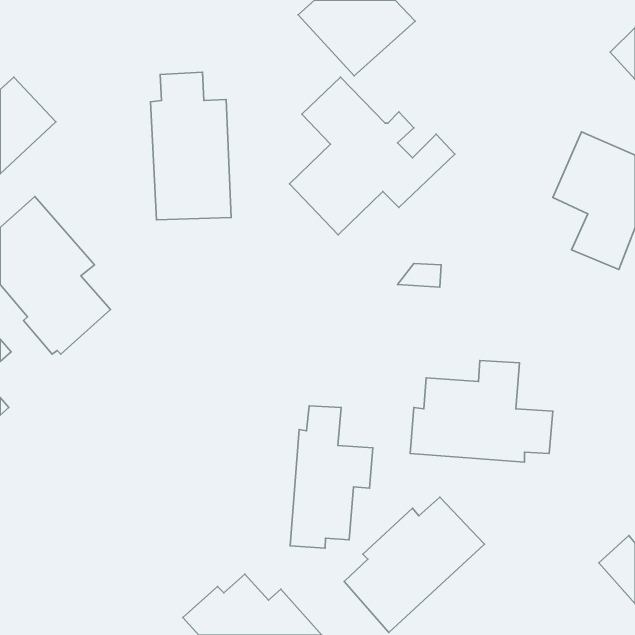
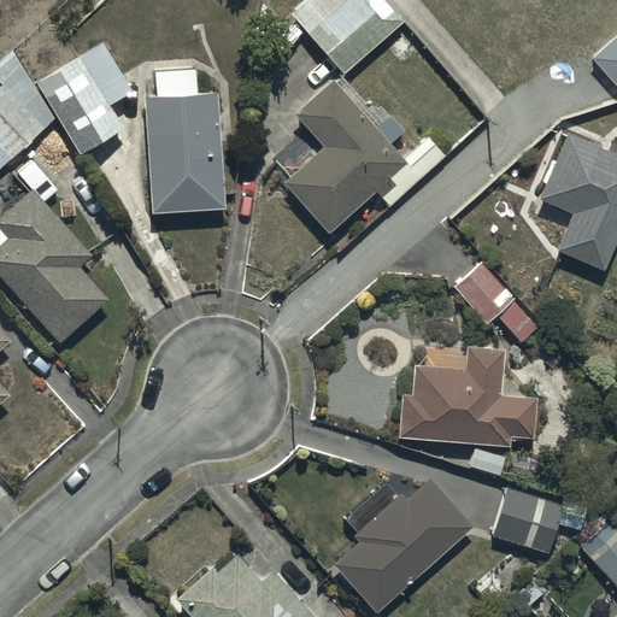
building: none -> [35,41,131,155]
building: none -> [451,262,536,341]
building: [290,406,373,548] -> none
building: none -> [492,488,564,552]

